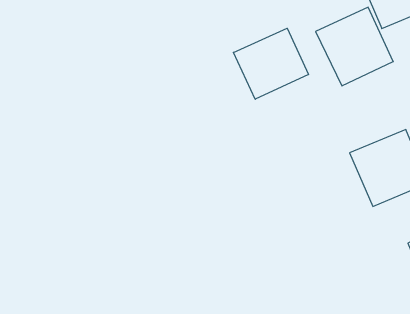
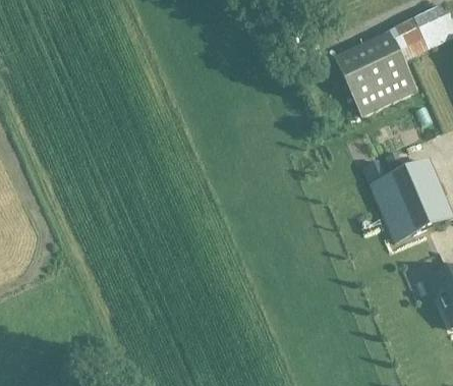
building: [233,28,308,99] -> none

